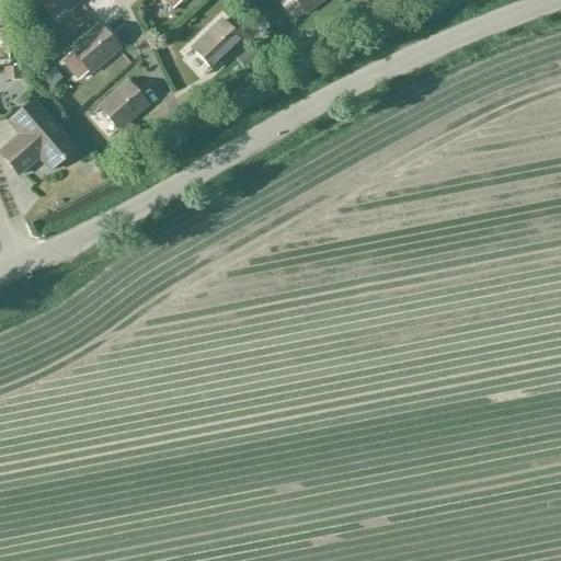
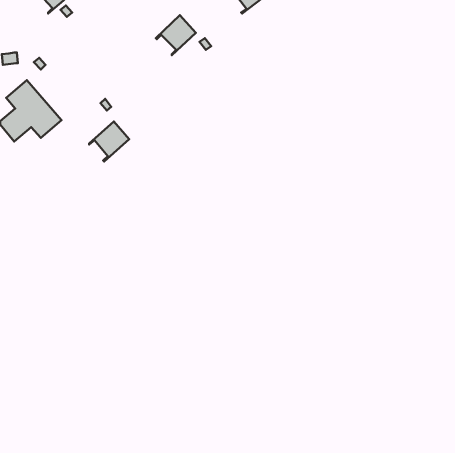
building: [65,24,118,76] -> none
building: [98,81,147,130] -> [89,121,129,161]

